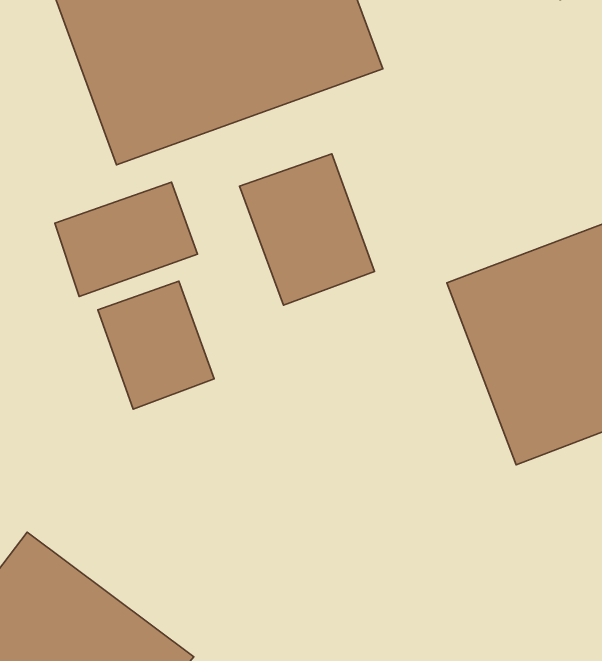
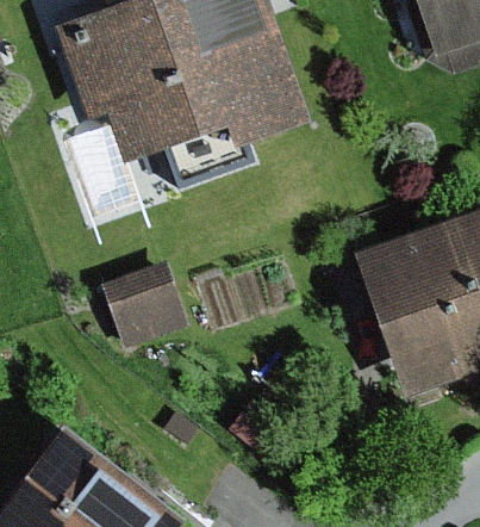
building: [240,154,374,305] -> none
building: [55,182,197,296] -> none

